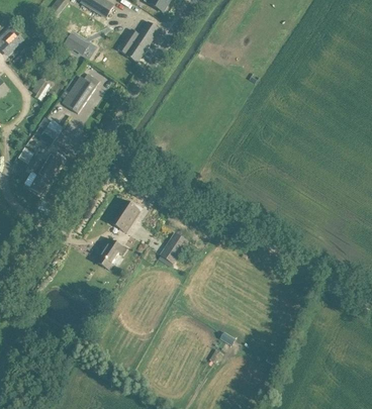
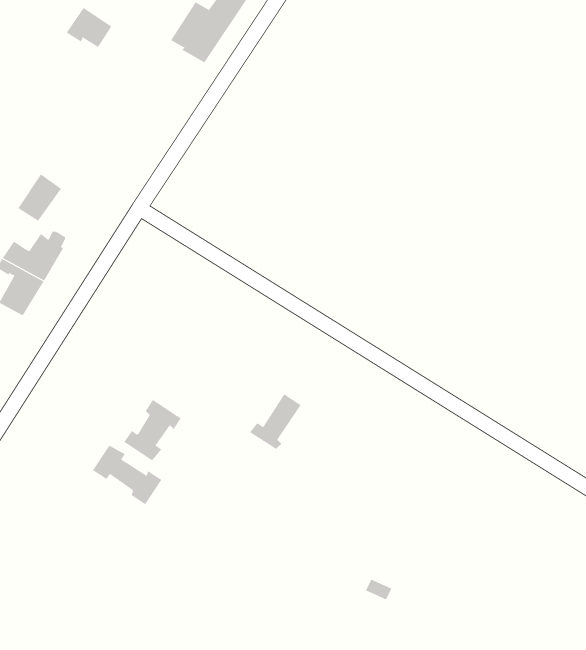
building: [62,73,98,113] -> none
building: [109,199,138,230] -> none
building: none -> [92,445,162,505]

